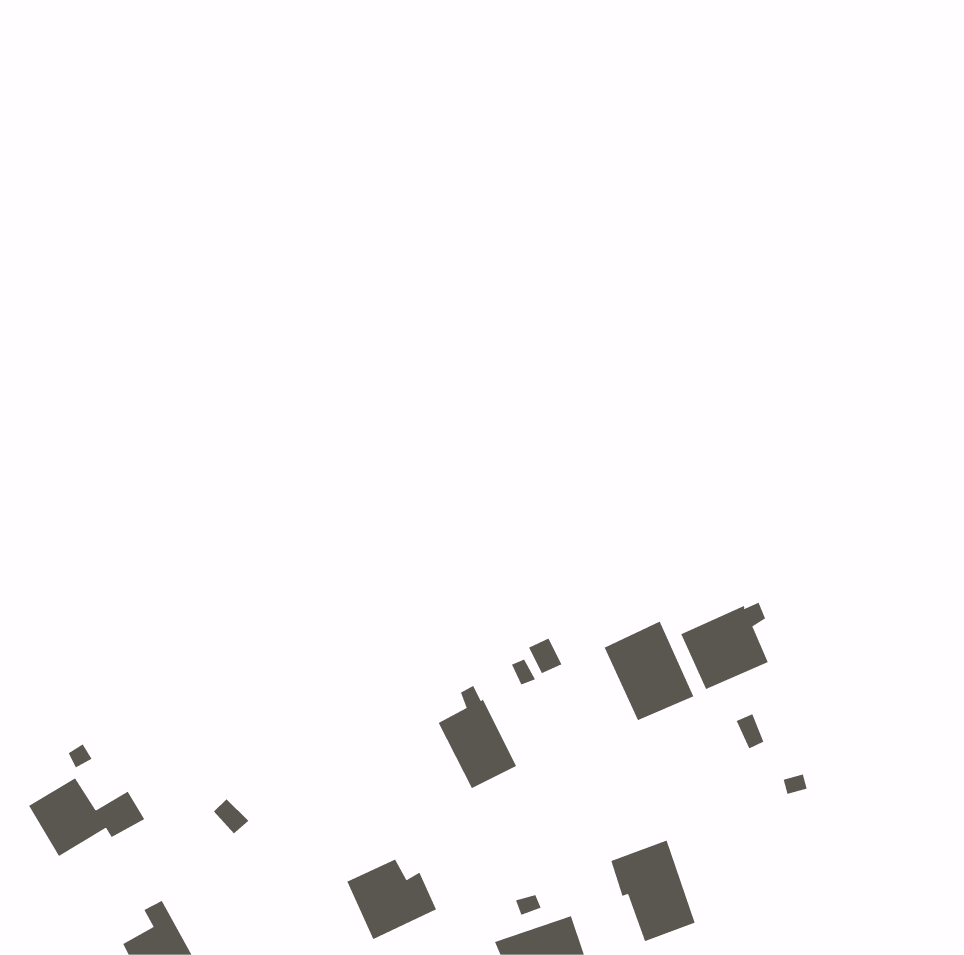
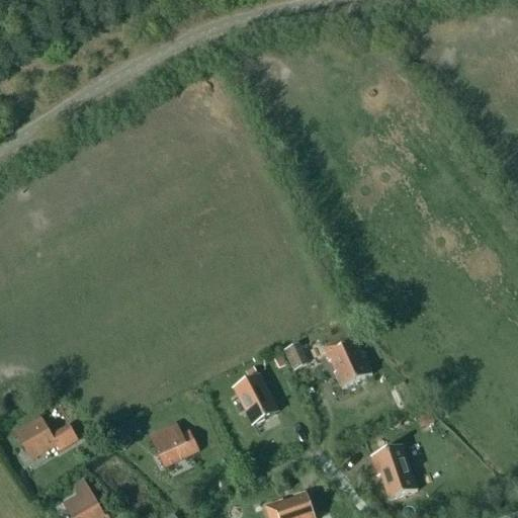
building: [681,602,768,690] -> none
building: [611,840,695,942] -> [371,444,417,499]
building: [346,859,437,940] -> [150,423,198,466]

